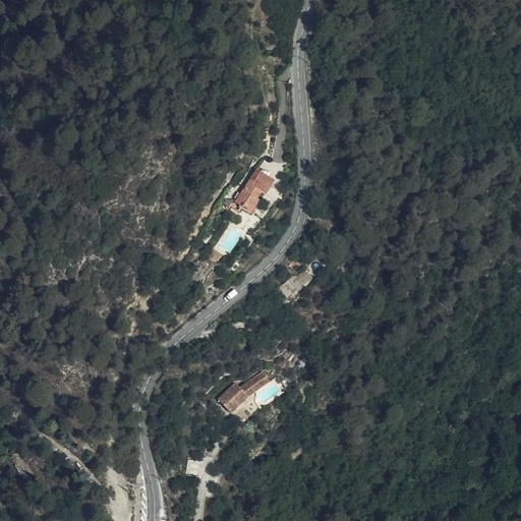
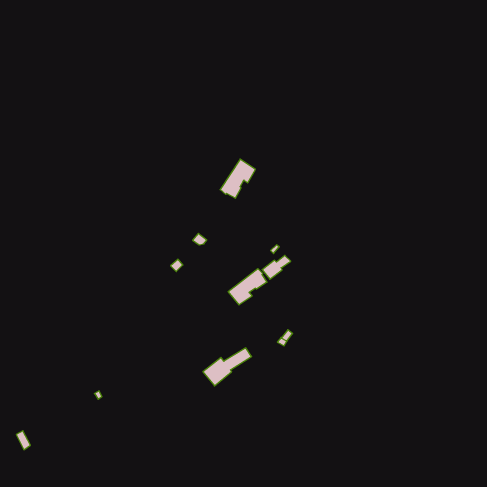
building: none -> [228,269,267,305]

